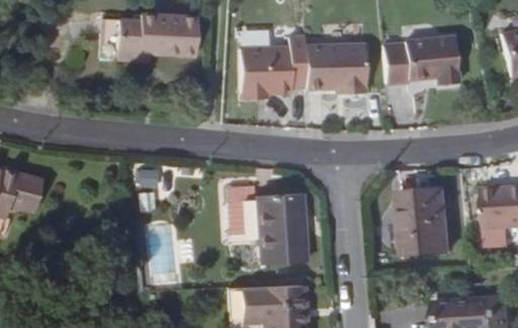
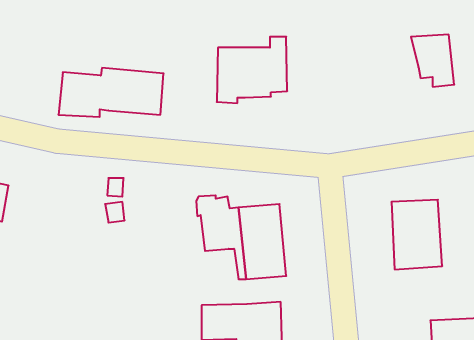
building: [102,15,200,61] -> [58,68,164,117]
building: [385,37,430,84] -> none
building: [306,46,368,95] -> none

